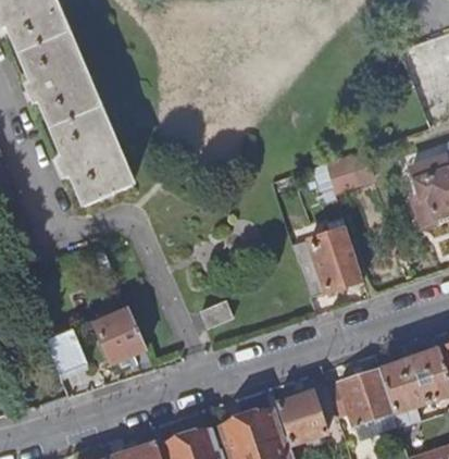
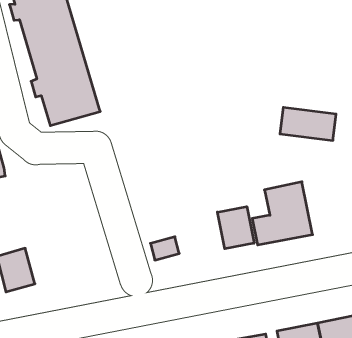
building: none -> [217,207,254,249]
building: [93,309,146,364] -> none

